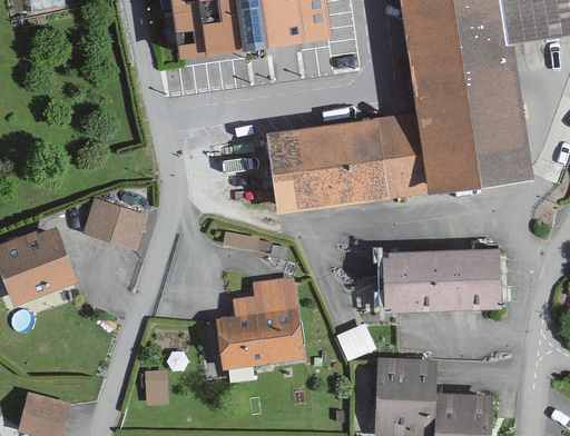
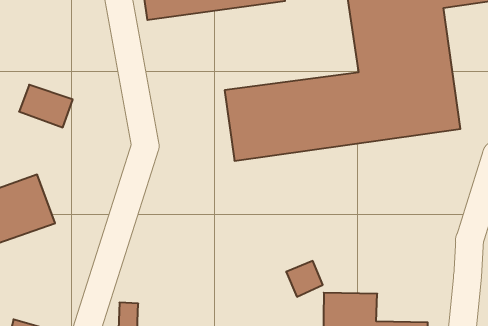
building: [83,202,144,250] -> [19,85,73,127]
building: [383,249,500,311] -> none
building: [216,280,304,370] -> none

